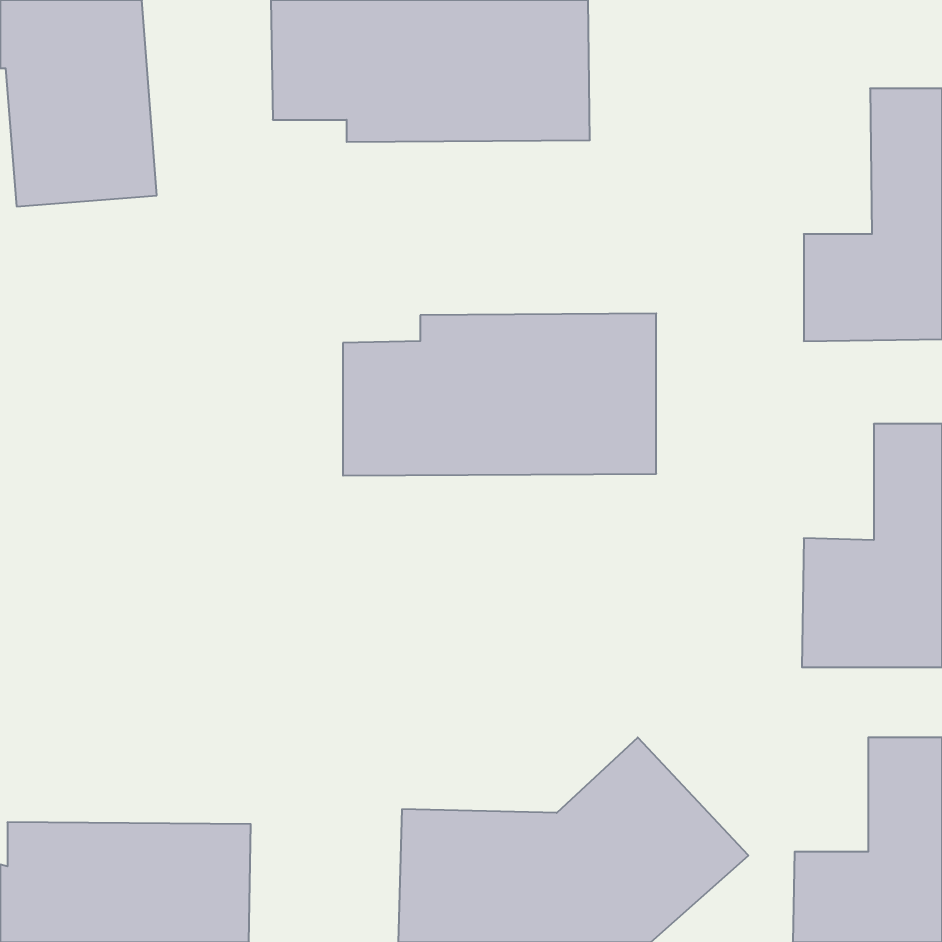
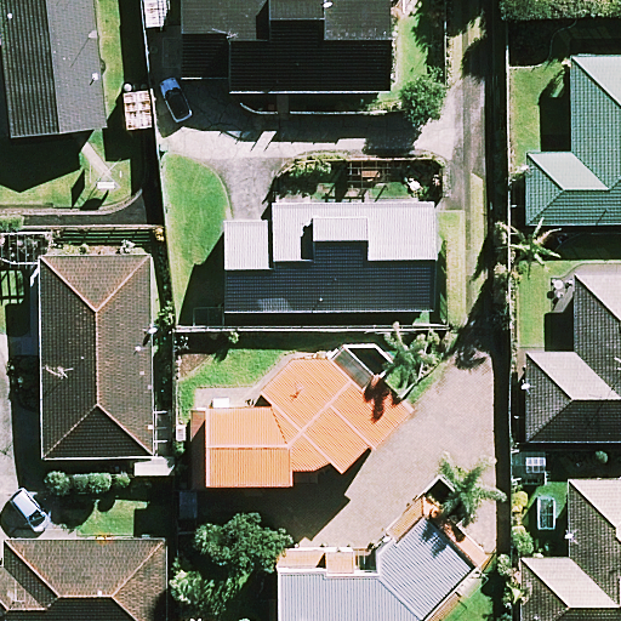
building: none -> [41,257,173,475]
building: none -> [203,338,405,483]

